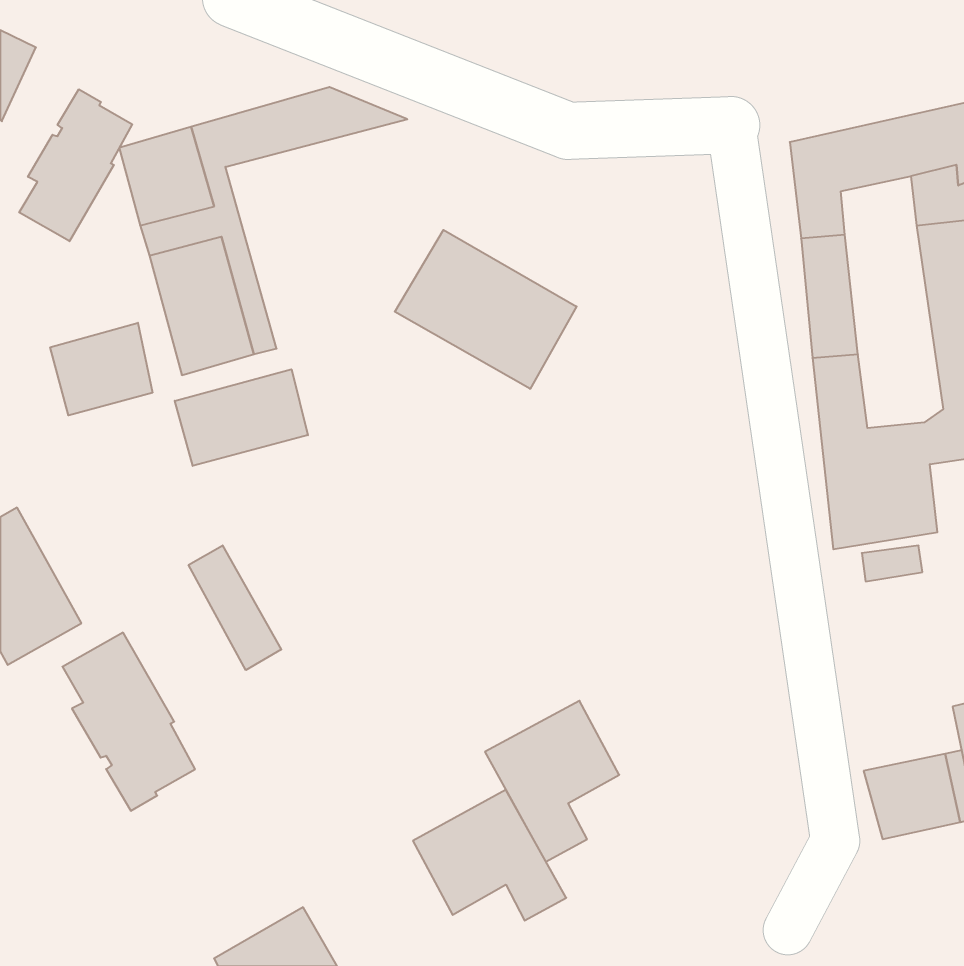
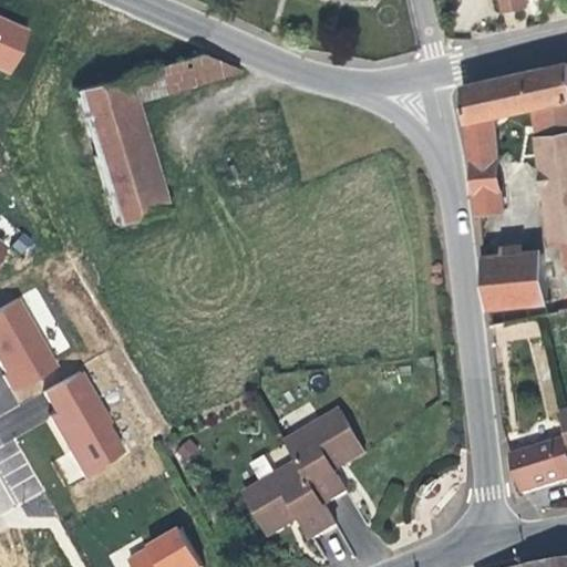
building: [19,89,132,241] -> none
building: [395,230,577,389] -> none
building: [50,323,152,415] -> none
building: [175,369,308,466] -> none
building: [189,545,281,670] -> none

